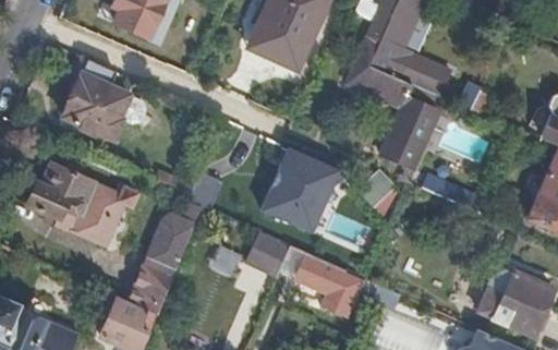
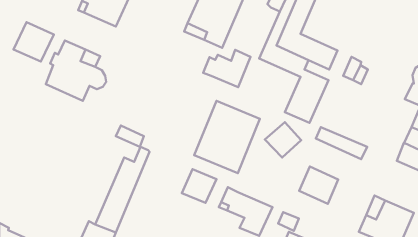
building: none -> [13,22,54,62]
building: none -> [203,50,250,87]
building: [28,160,138,246] -> none
building: none -> [299,166,338,204]

